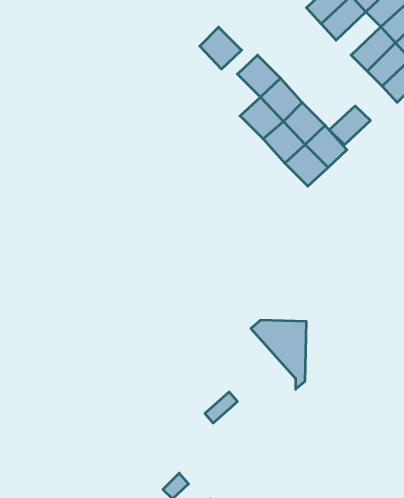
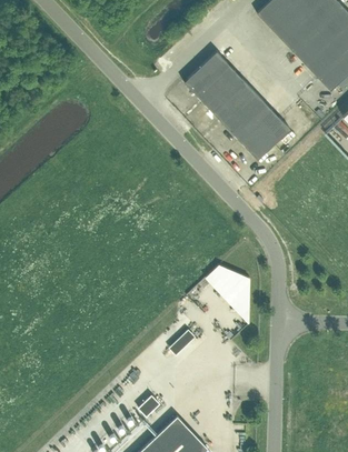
building: none -> [280,17,317,52]
building: [200,27,242,69] -> [183,68,218,102]
building: [329,106,370,145] -> none

